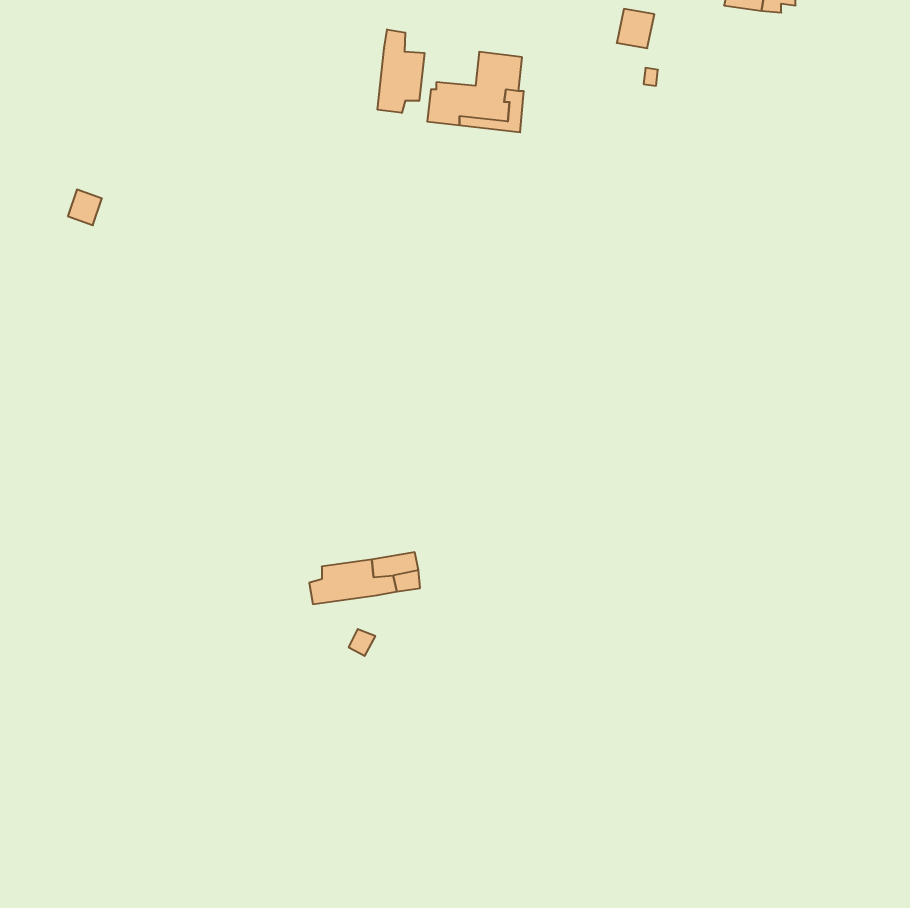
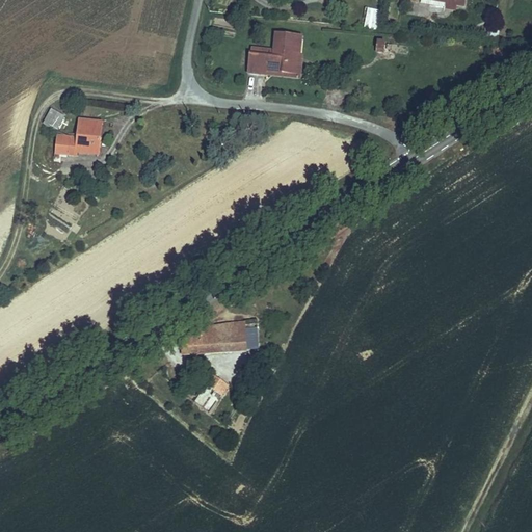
building: [378,29,424,113] -> none
building: none -> [58,118,99,154]

